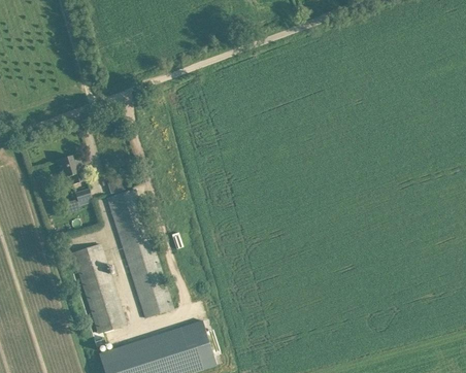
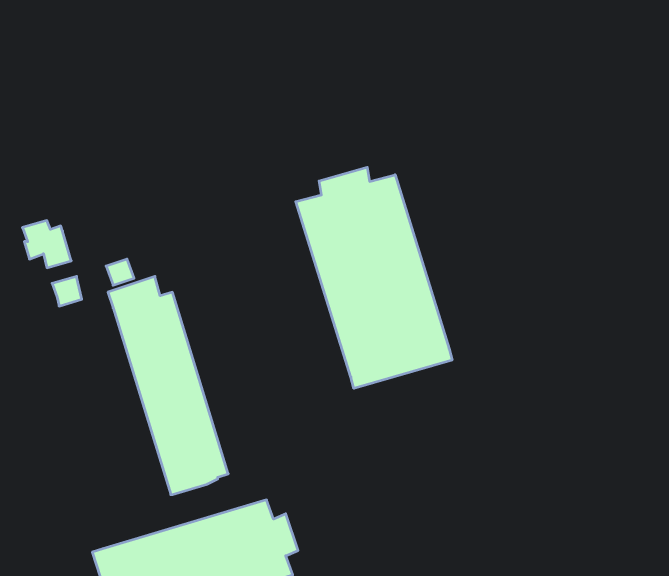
building: none -> [296,167,452,388]
building: [71,244,124,334] -> none

